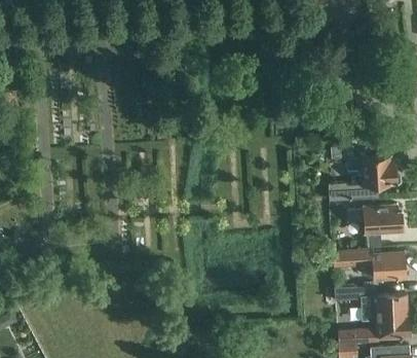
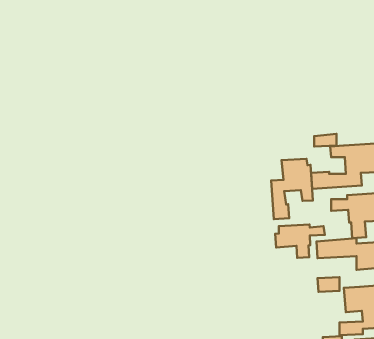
building: none -> [271,159,313,219]
building: none -> [275,224,325,258]

